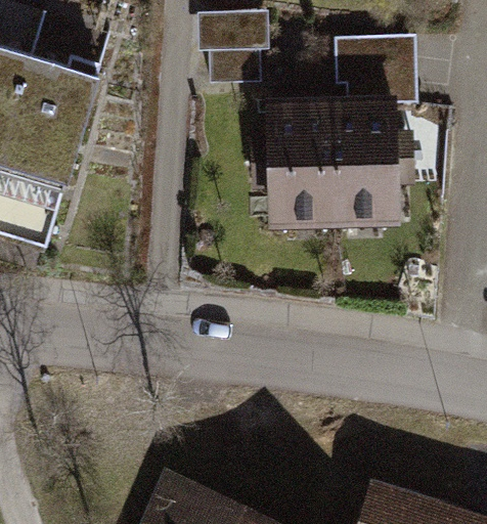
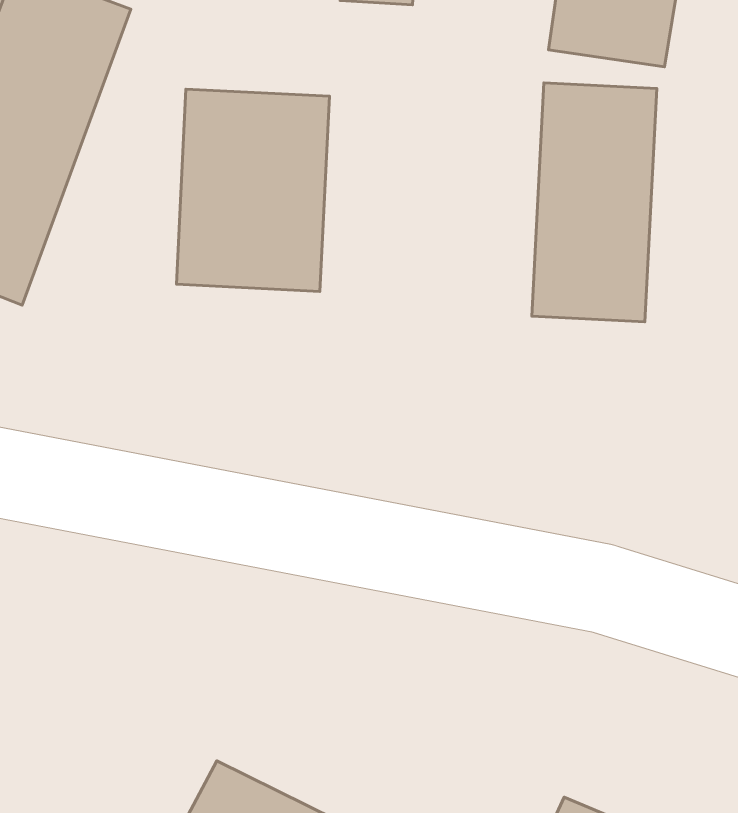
building: [268,95,330,226] -> none
building: none -> [176,89,329,291]

